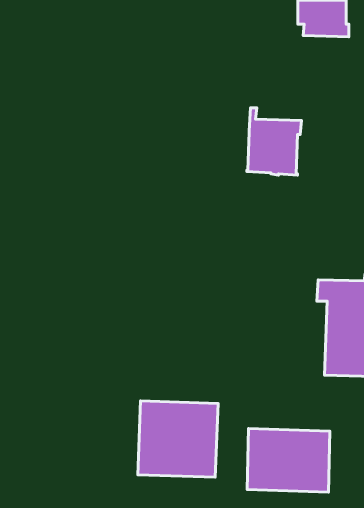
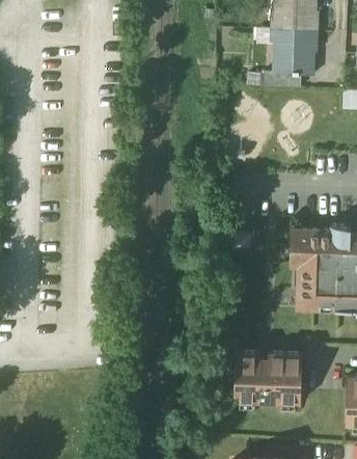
building: [247,108,301,175] -> [273,21,318,76]
building: [138,401,218,477] -> none

